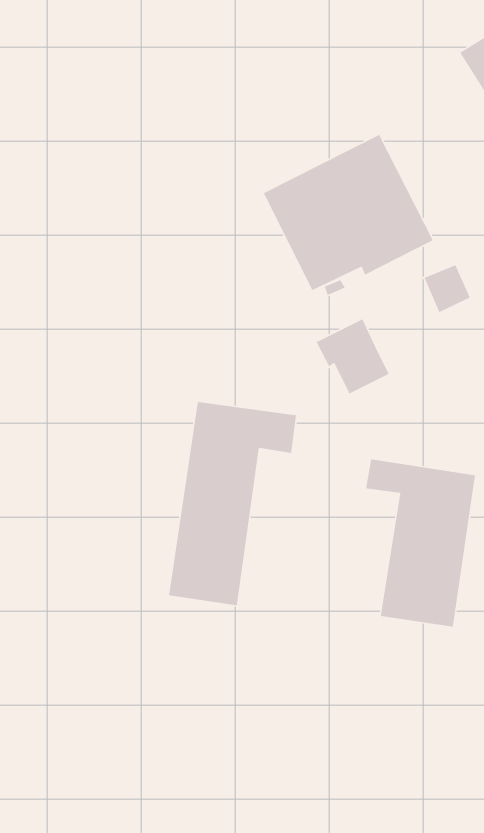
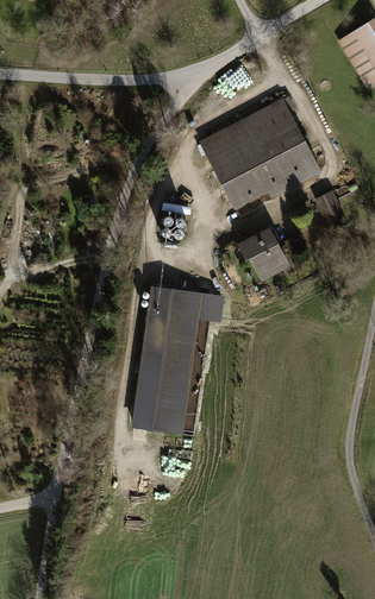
building: [365,458,476,628] -> none

